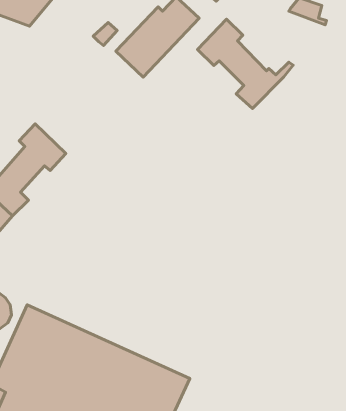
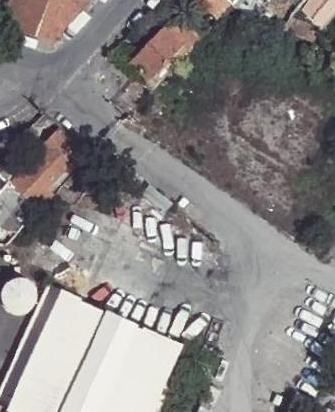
building: [197,19,293,109] -> none

